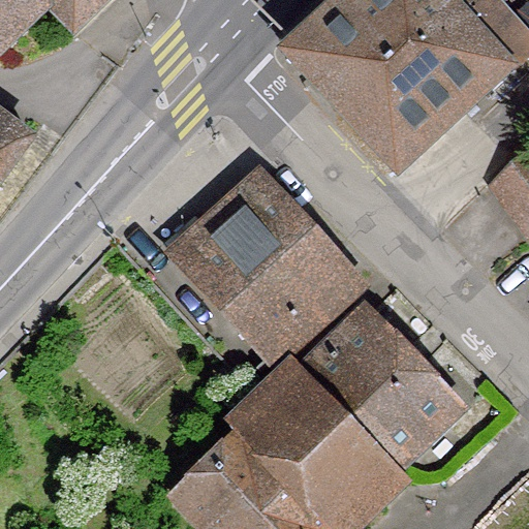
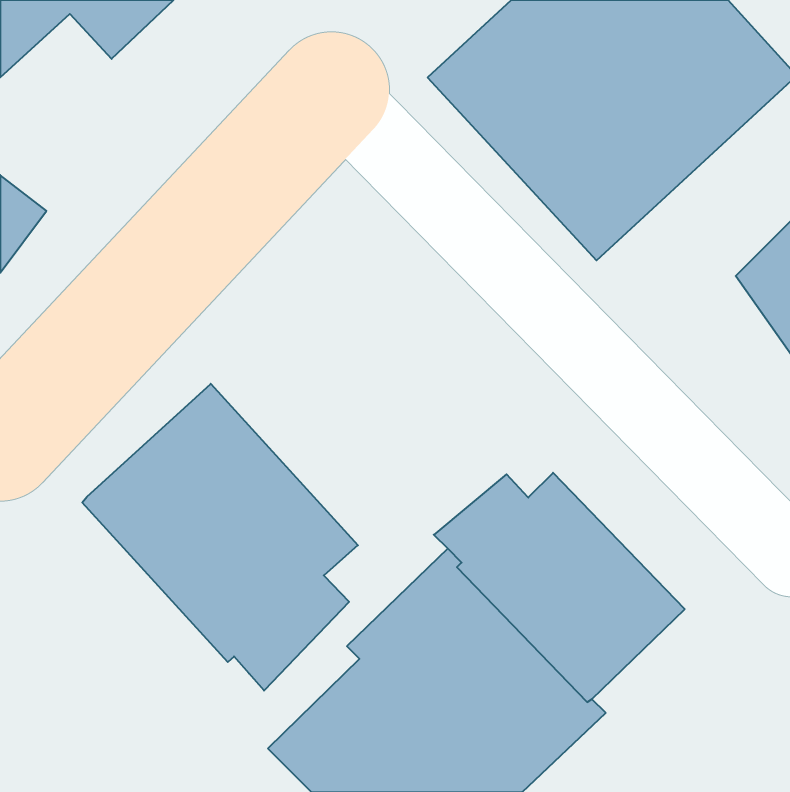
building: [177,181,362,366] -> none
building: none -> [82,384,358,691]

